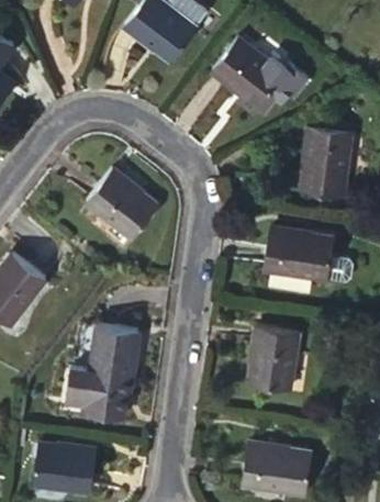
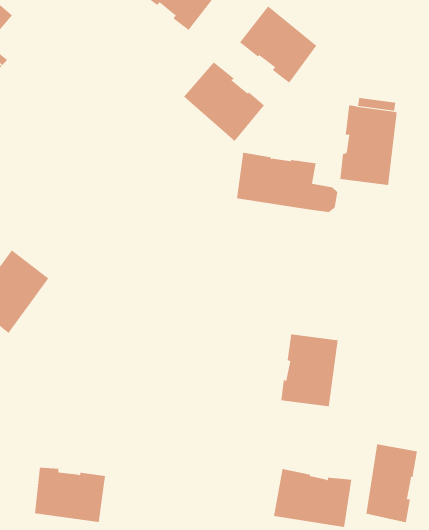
building: [88,168,159,238] -> [183,61,265,142]
building: [264,231,353,283] -> [236,152,338,212]
building: [67,325,137,415] -> none
building: none -> [366,444,417,523]

